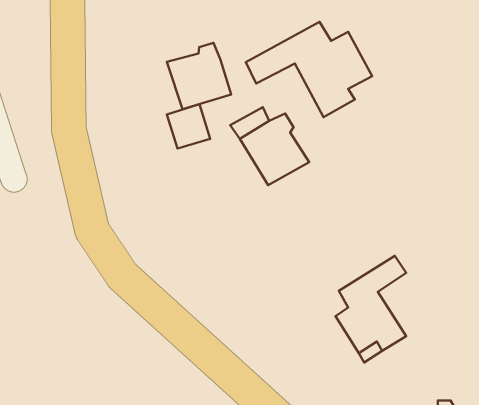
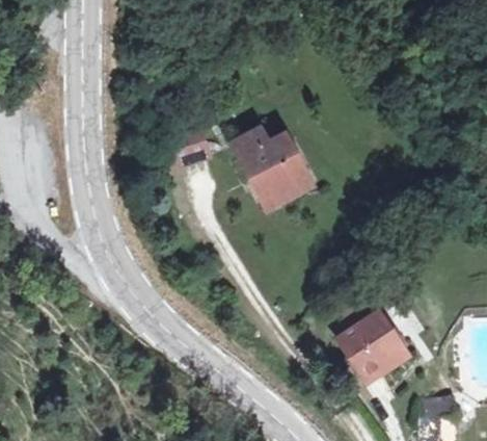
building: [246,22,372,117] -> none
building: [167,43,231,109] -> none

